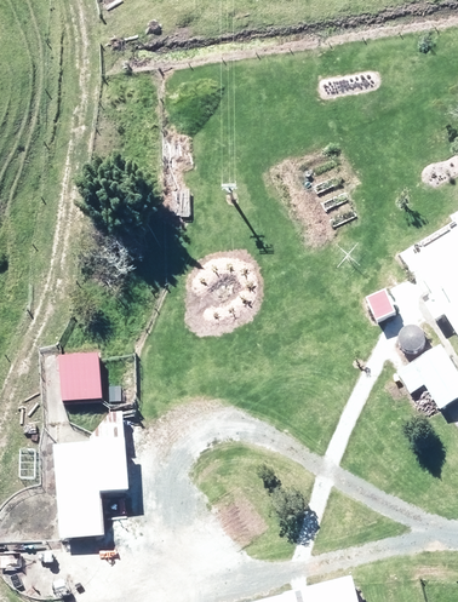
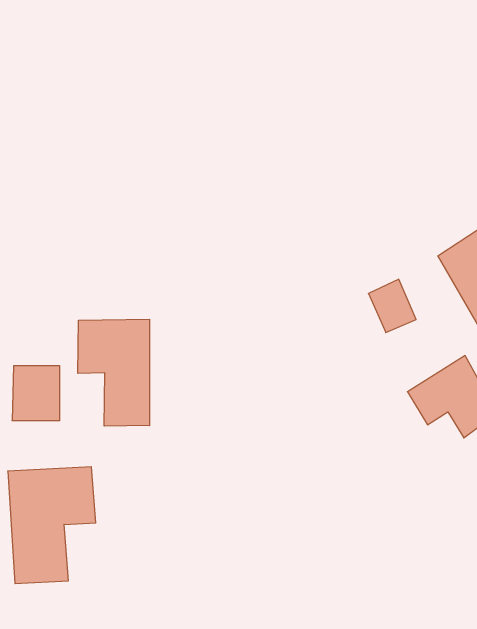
building: none -> [78,319,150,426]

